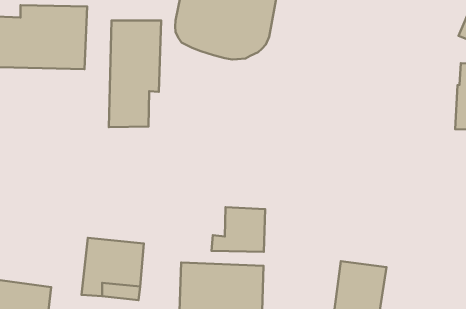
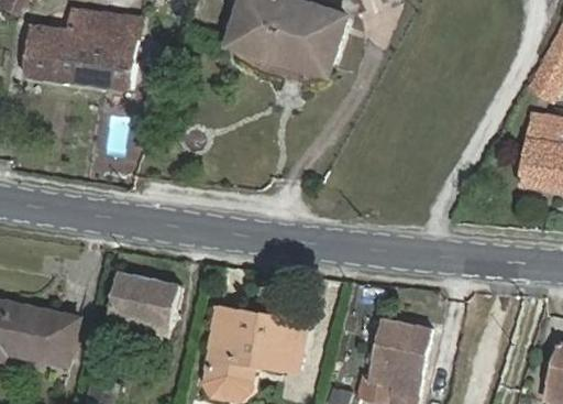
building: [109,20,161,127] -> none
building: [212,207,265,252] -> none

